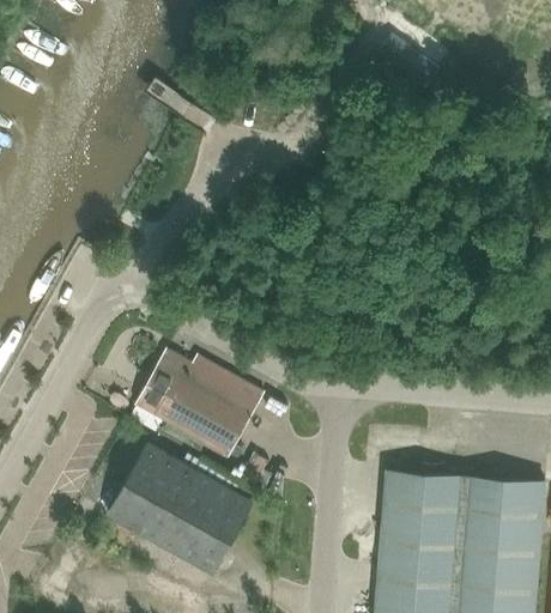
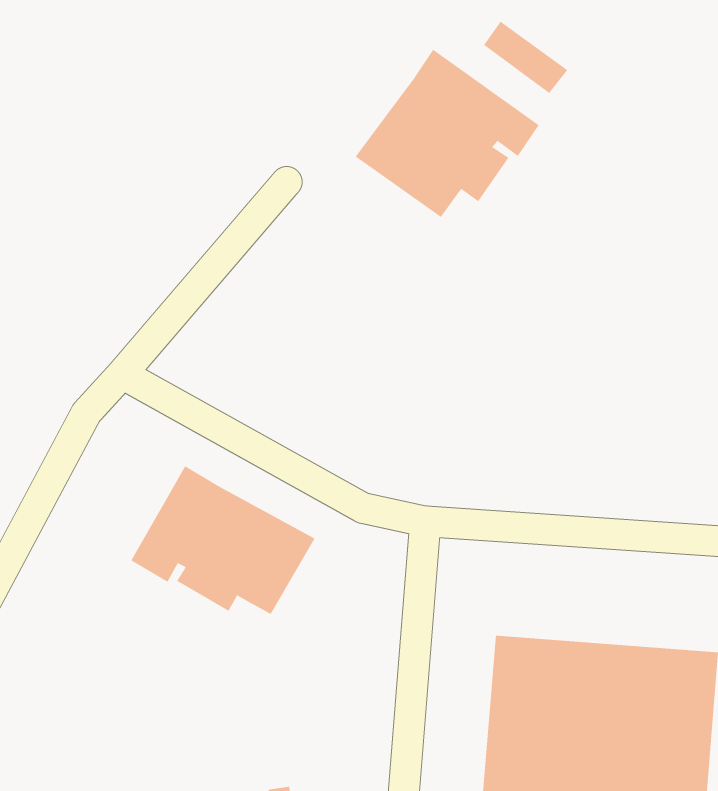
building: none -> [355,49,540,218]
building: [109,442,253,572] -> none

